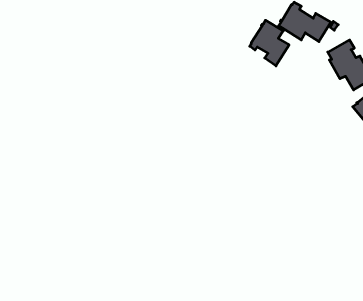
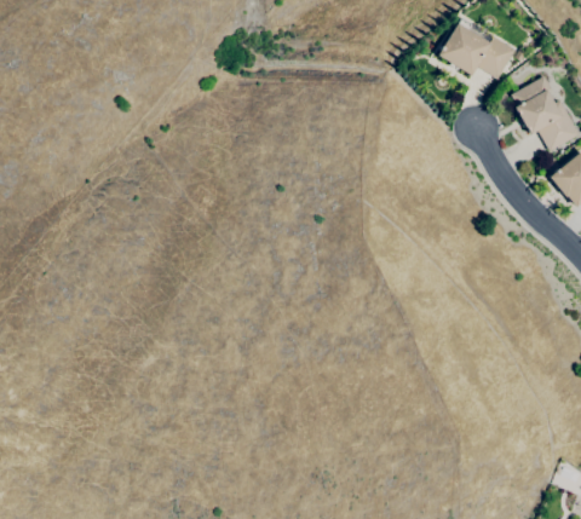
building: [250,20,289,66] -> none

